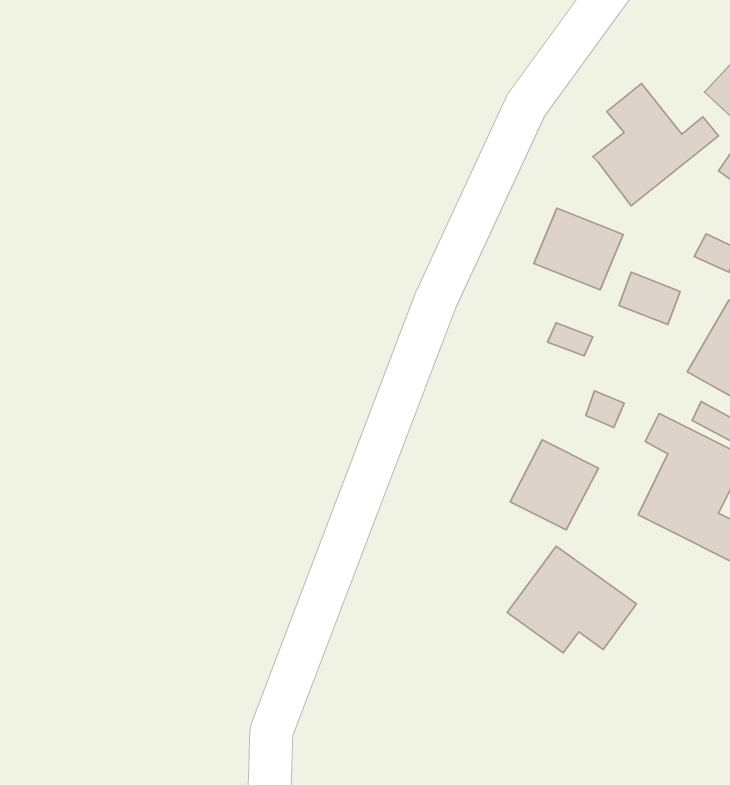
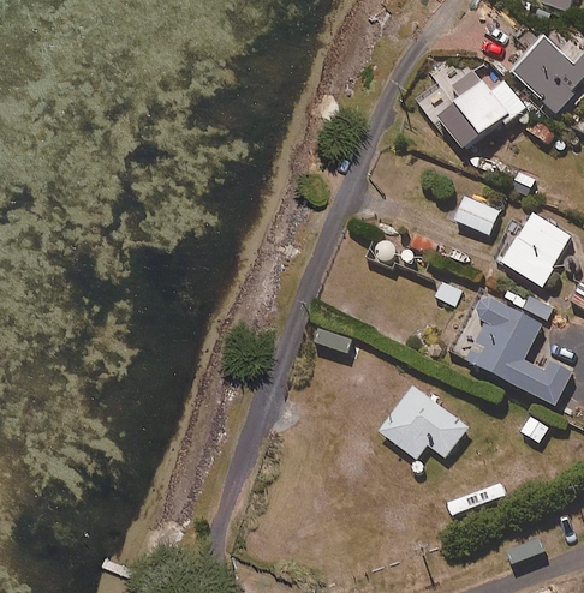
building: [534,208,623,290] -> none
building: [510,440,598,530] -> none

